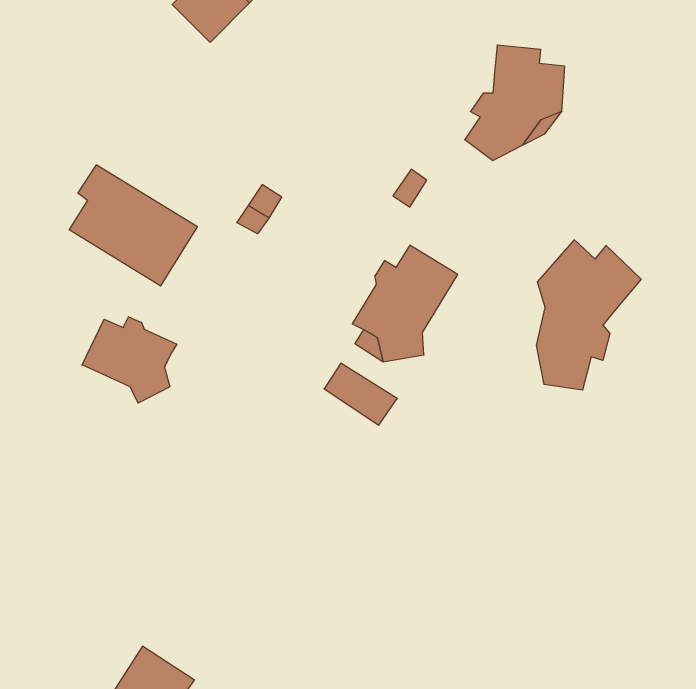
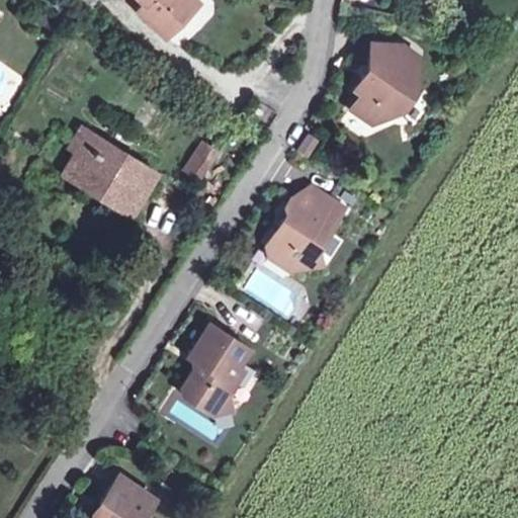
building: [536,240,641,390] -> none
building: [82,317,177,403] -> none
building: none -> [183,324,249,415]

